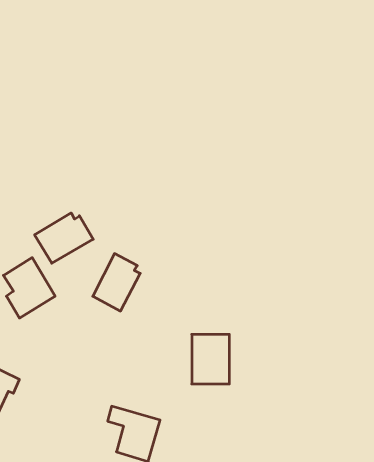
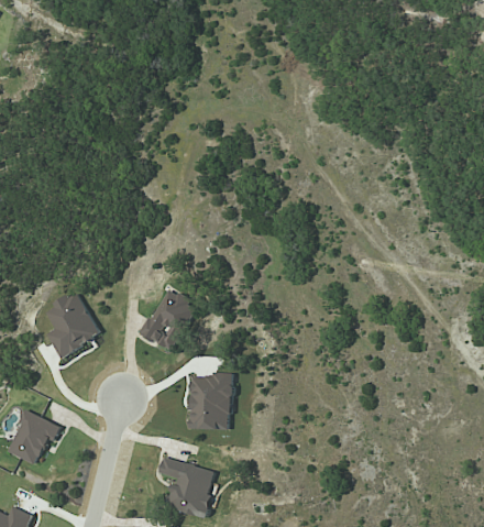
building: [35,213,93,263] -> none
building: [192,334,229,384] -> [188,374,230,429]

